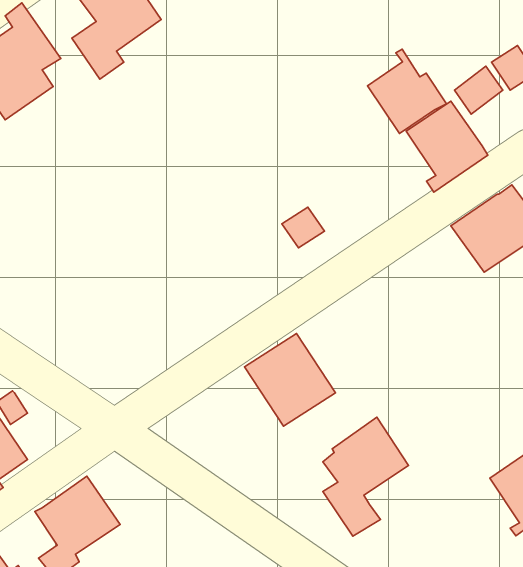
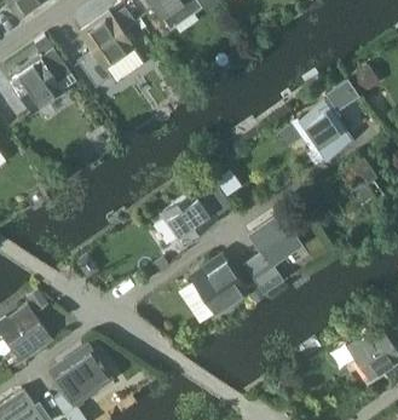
building: [367,49,447,134] -> none
building: none -> [161,188,218,242]
building: [323,417,408,536] -> [244,214,300,292]

